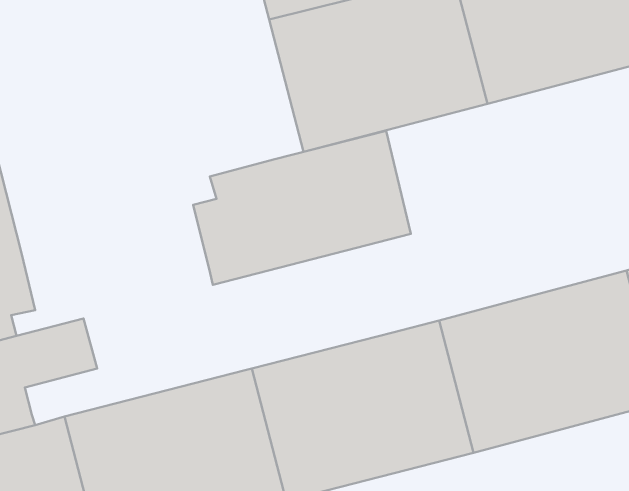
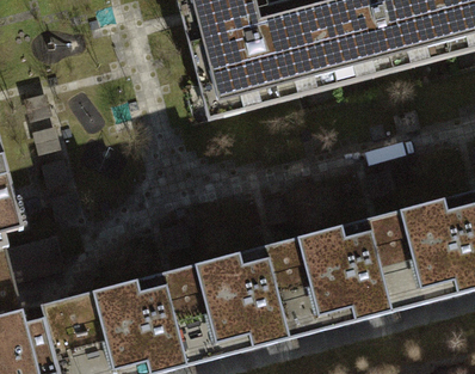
building: [193,131,411,285] -> none

